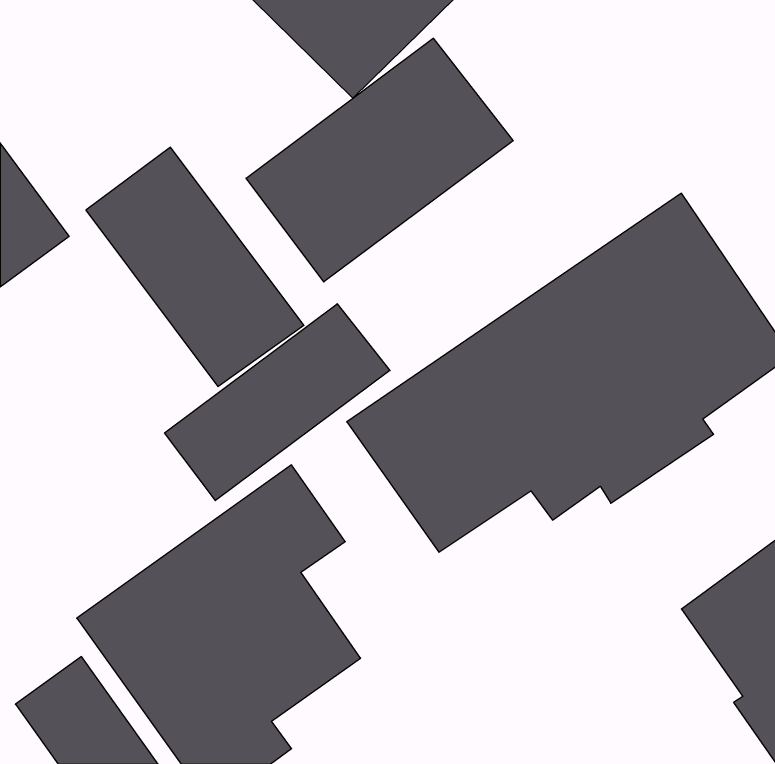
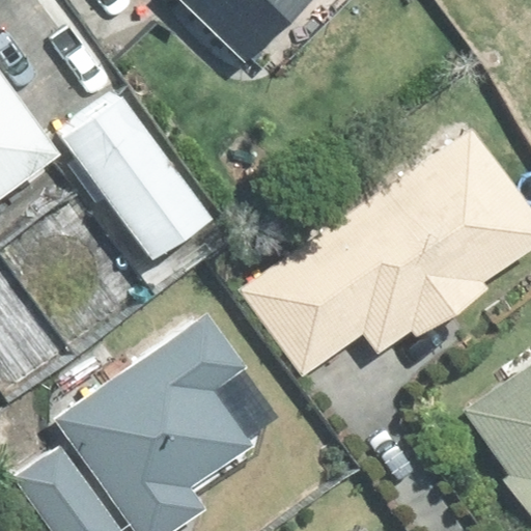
building: [246,38,513,282] -> none
building: [165,304,390,501] -> none

